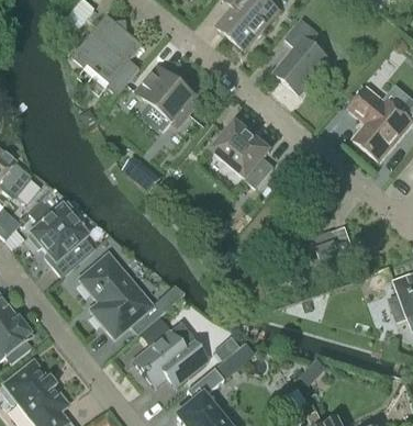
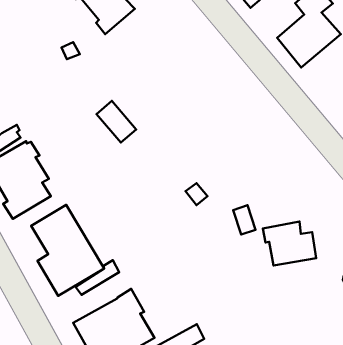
building: [136,64,203,130] -> none
building: [211,120,272,186] -> none

